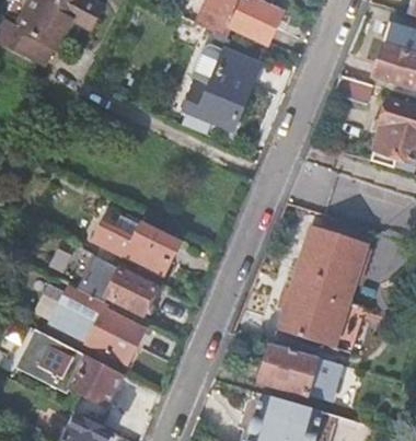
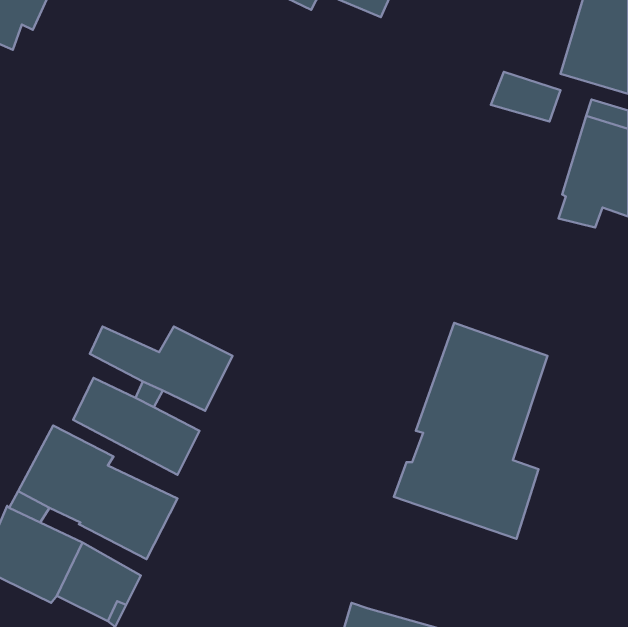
building: [185,48,258,128] -> none
building: [262,344,342,401] -> none

